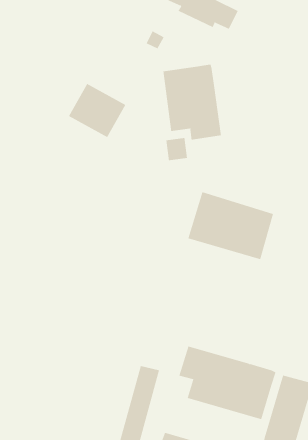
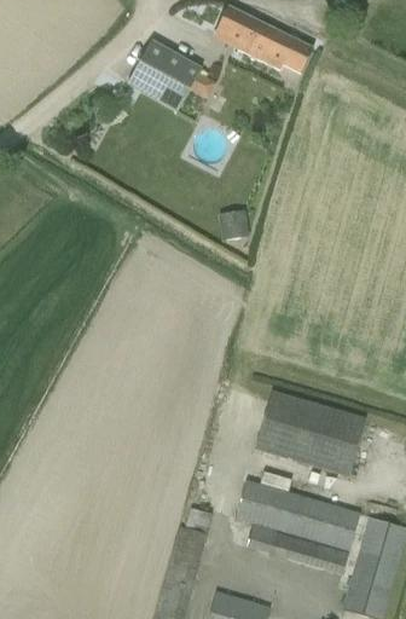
building: [163,64,221,141] -> none
building: [68,83,126,138] -> [127,40,202,110]
building: [188,191,274,260] -> [255,388,366,476]

